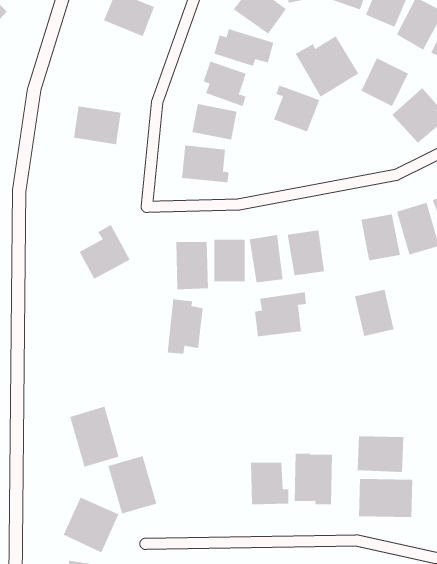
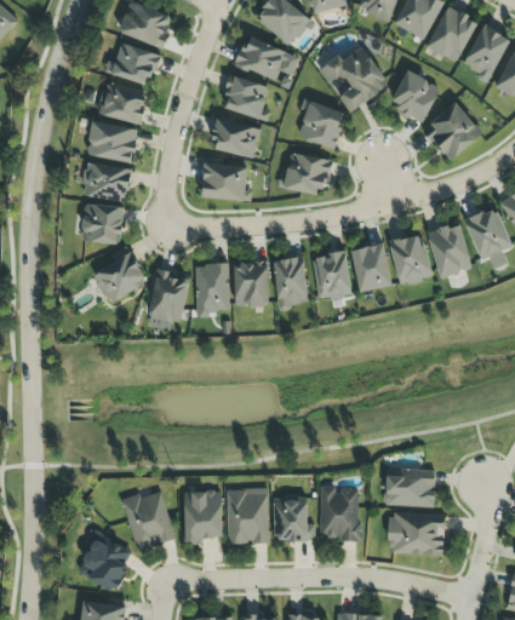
building: none -> [107,41,158,86]
building: none -> [97,84,148,125]
building: none -> [277,153,330,196]
building: none -> [81,162,131,202]
building: none -> [81,203,122,245]
building: [354,289,394,336] -> [350,243,393,293]
building: [254,292,307,337] -> none
building: [167,299,204,354] -> [148,270,187,328]
building: [69,406,119,468] -> none
building: none -> [227,488,268,544]
building: none -> [183,492,222,544]

